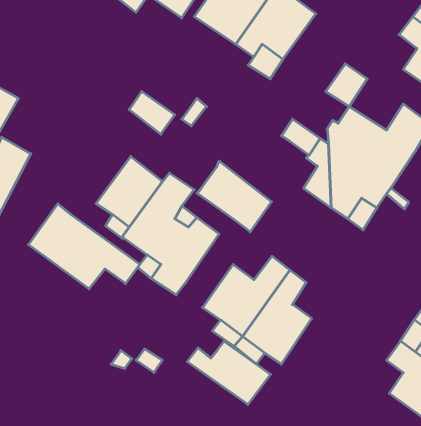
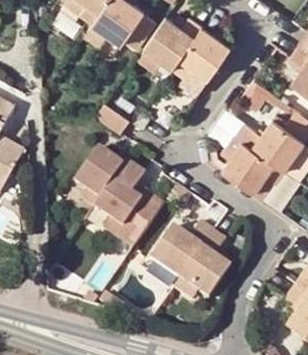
building: [197,161,272,232] -> none
building: [28,204,140,289] -> none
building: [187,341,271,405] -> none

